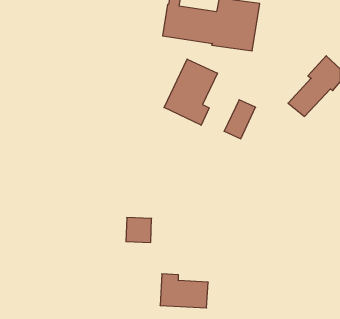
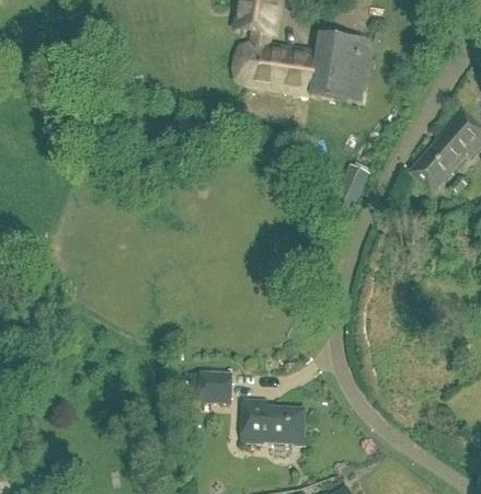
building: [164,59,217,125] -> none
building: [126,218,152,242] -> [197,369,231,402]

